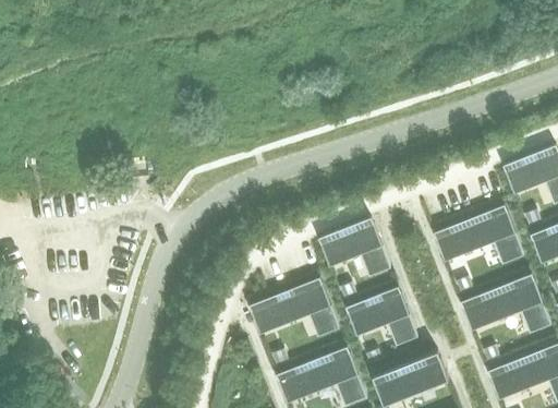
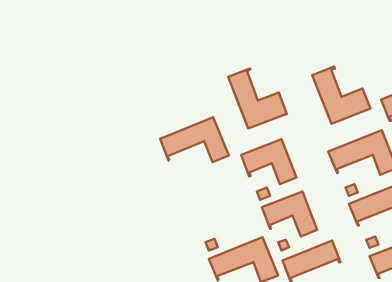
building: none -> [312,67,370,124]
building: none -> [228,68,287,129]
building: [250,279,340,338] -> [160,117,229,162]

